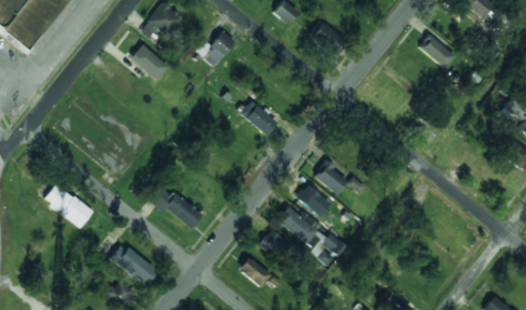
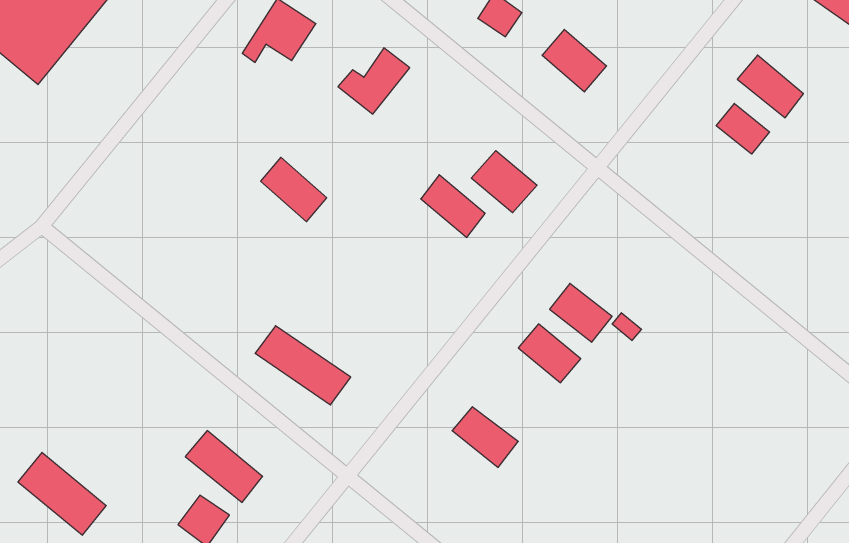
building: [130,44,167,80] -> [261,157,327,222]
building: none -> [716,103,770,154]
building: none -> [471,151,537,213]
building: [43,183,92,229] -> [18,452,106,535]
building: [277,207,349,266] -> none
building: [238,257,271,287] -> none

